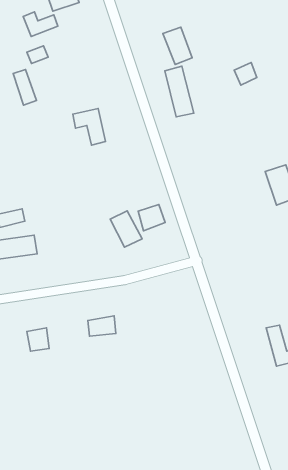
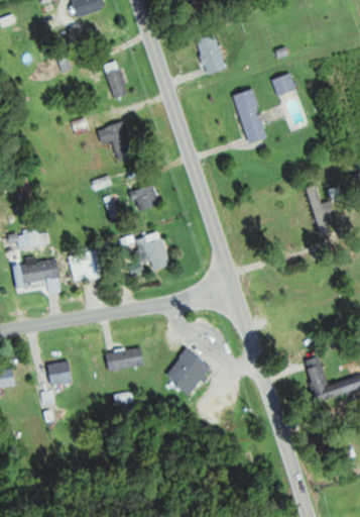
building: [23,12,58,37] -> none
building: [165,66,194,117] -> [234,90,265,144]
building: [13,70,37,105] -> [102,62,127,100]
building: [138,205,165,231] -> [129,186,158,214]
building: none -> [69,248,103,282]
building: none -> [164,347,211,395]

